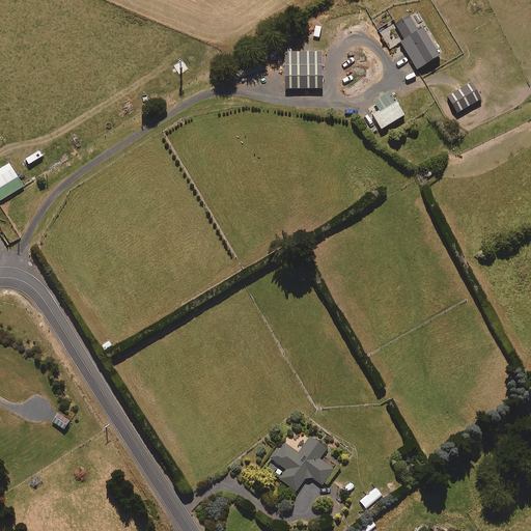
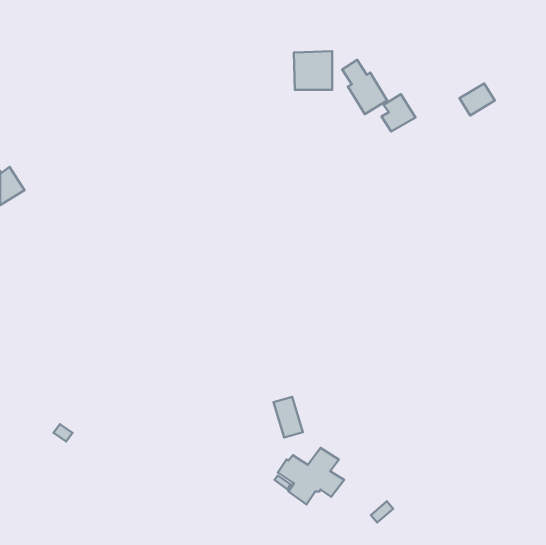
building: [394,15,438,67] -> [342,60,387,114]
building: none -> [273,397,303,437]

